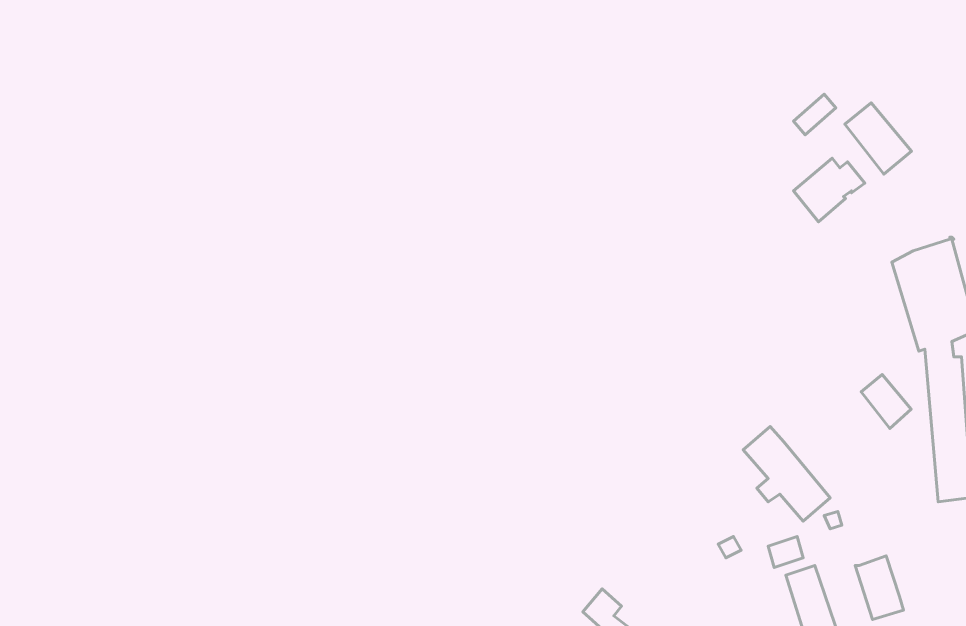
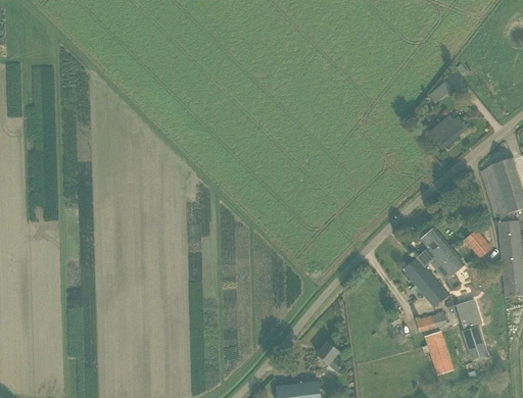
building: [845,103,911,174] -> none
building: none -> [417,227,465,290]
building: none -> [456,298,481,328]

